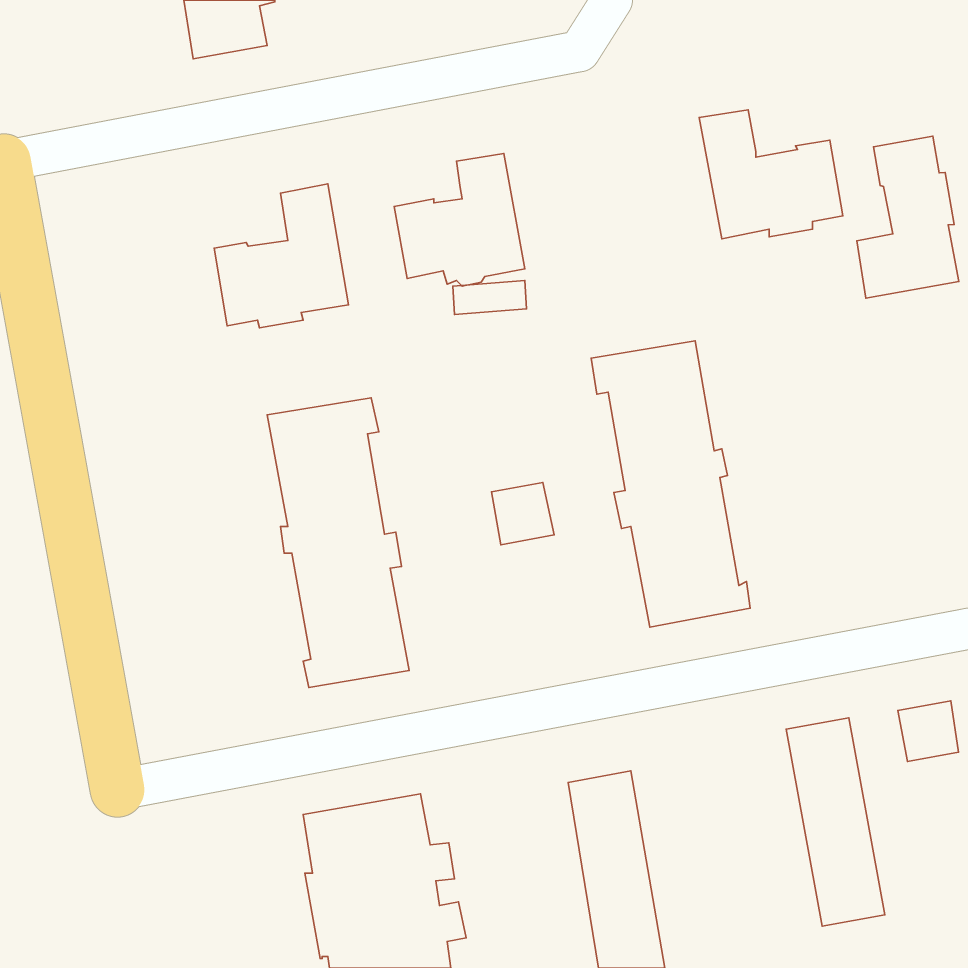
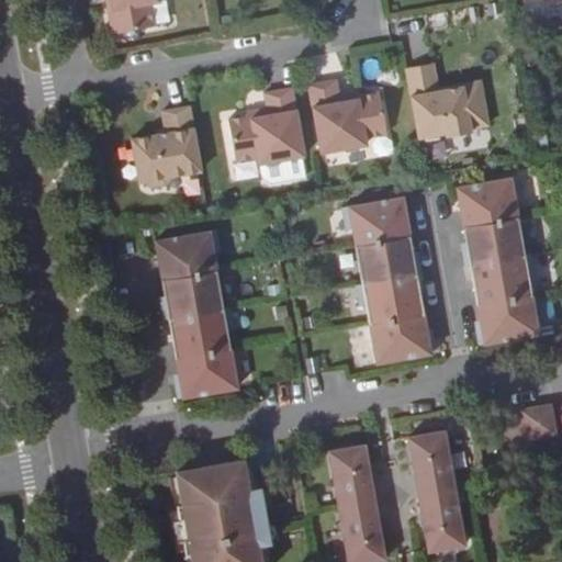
building: [857,136,959,298] -> none
building: none -> [308,80,386,154]
building: none -> [457,177,538,345]
building: [491,483,554,545] -> none
building: [786,718,885,926] -> [408,432,465,553]

